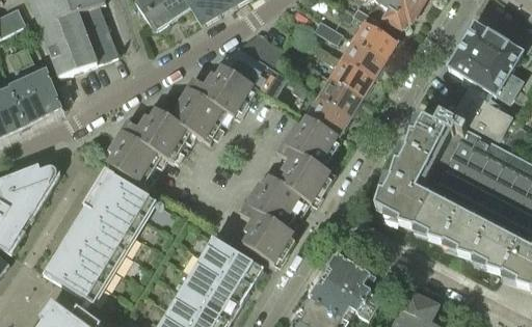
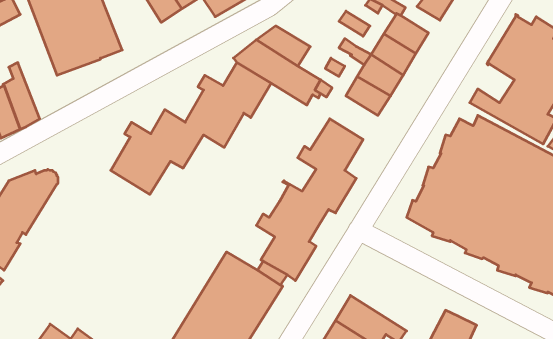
building: [23,61,61,117] -> none
building: [305,97,349,136] -> none
building: [43,170,154,303] -> none
building: [324,255,382,309] -> none

